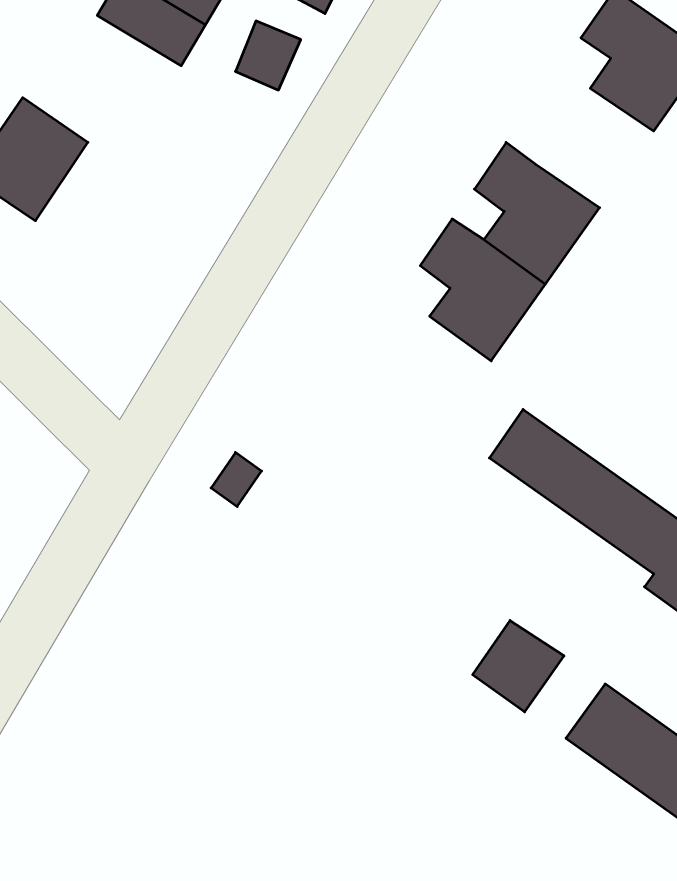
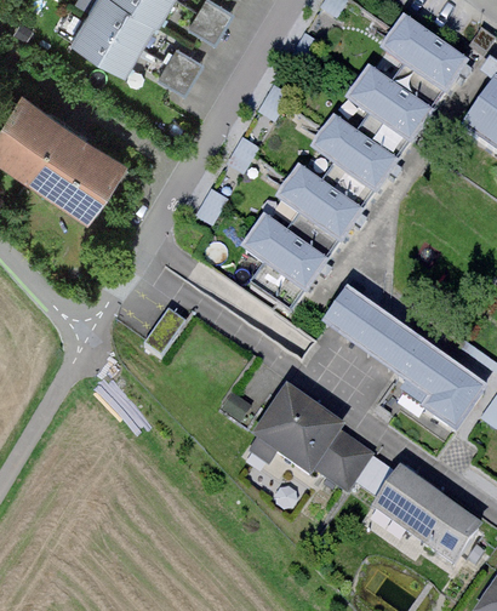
building: none -> [349,68,432,160]
building: none -> [30,118,121,207]
building: none -> [245,217,326,312]
building: none -> [257,392,338,469]

